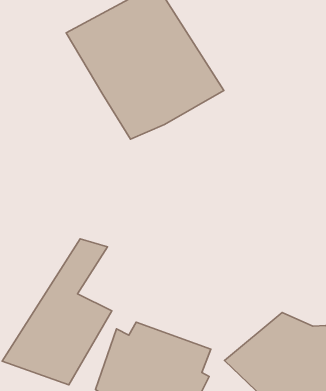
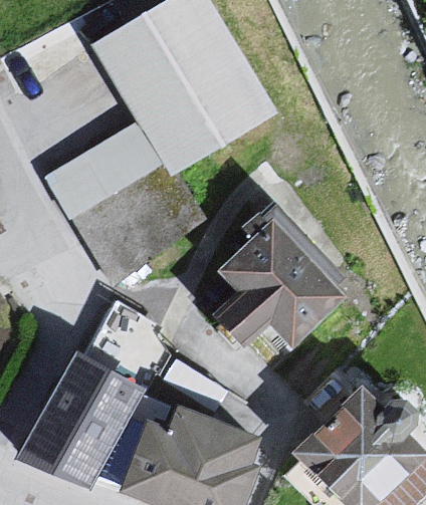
building: none -> [34,121,203,283]
building: none -> [208,216,362,354]

